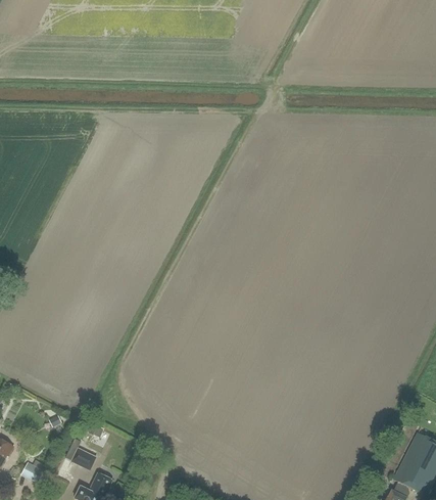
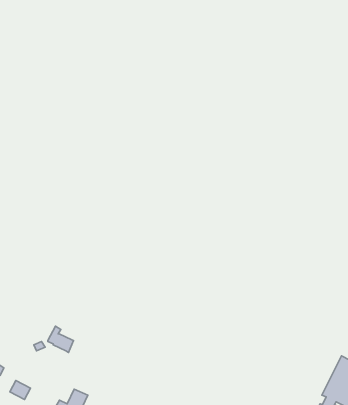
building: [64,440,95,471] -> [48,326,74,352]

